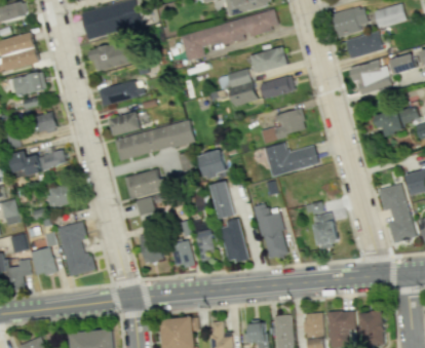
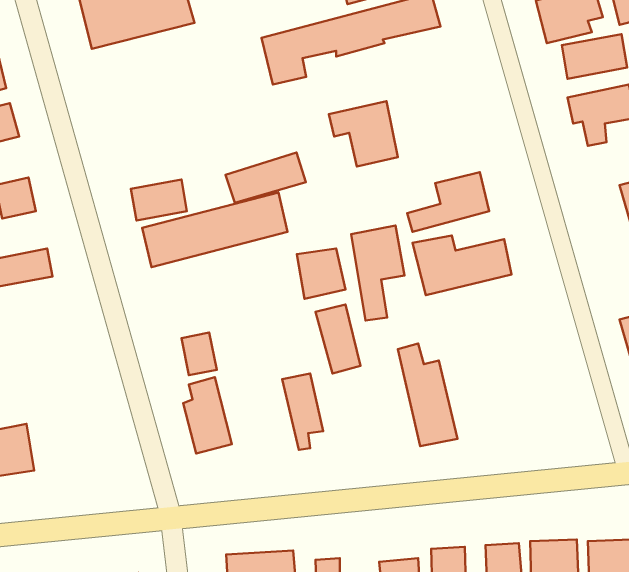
building: [90,41,137,70] -> none
building: [249,45,287,73] -> none
building: [260,75,295,99] -> none
building: [99,78,143,106] -> [226,152,306,203]
building: none -> [351,225,405,320]
building: [125,169,162,197] -> none
building: [46,184,73,206] -> none
building: [312,201,337,244] -> none
building: [220,220,247,262] -> none
building: [56,221,95,276] -> none
building: [171,239,193,268] -> none

